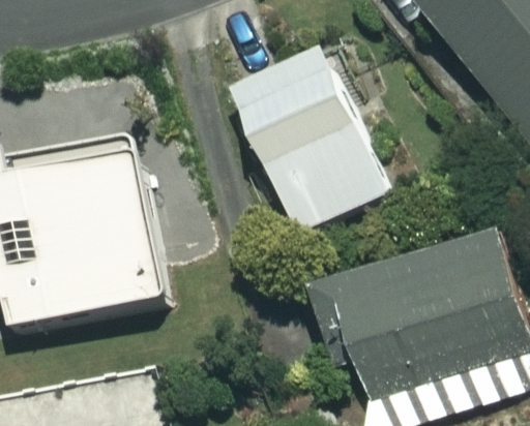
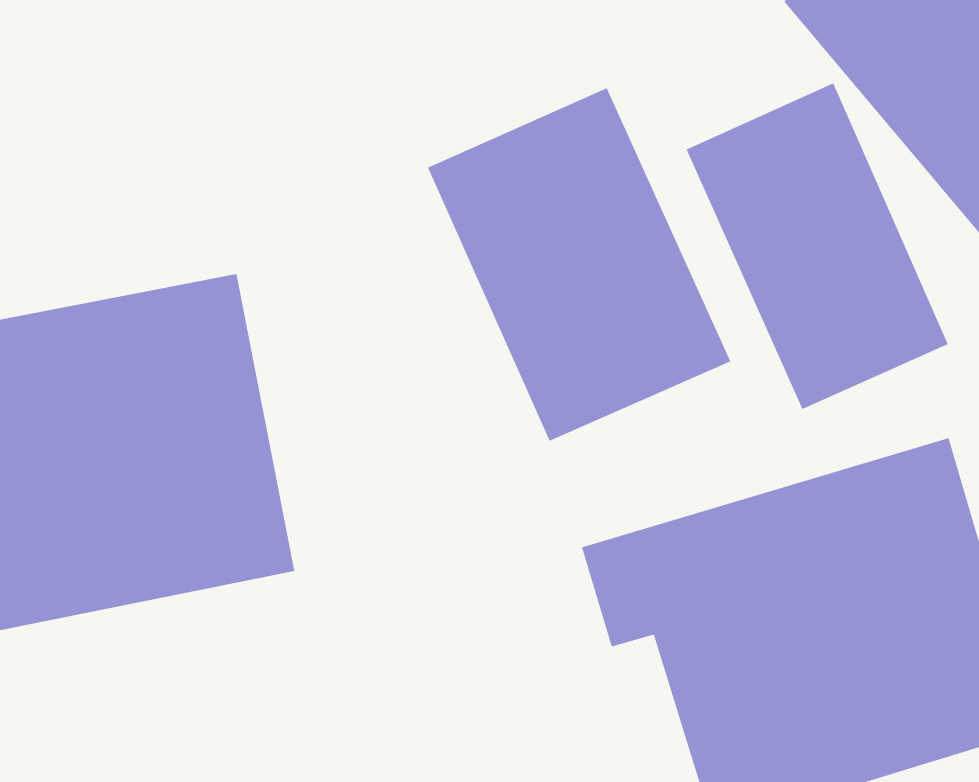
building: none -> [686,82,949,410]

